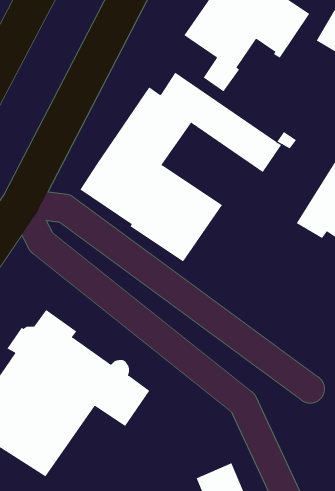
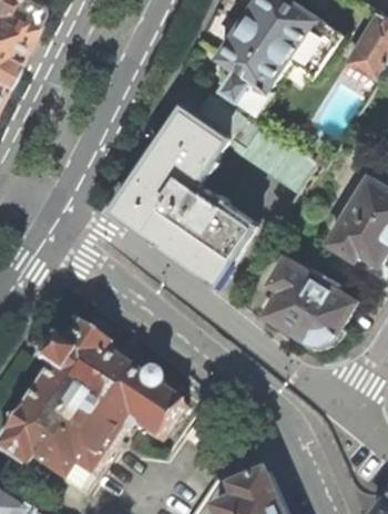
building: none -> [265,257,356,342]

